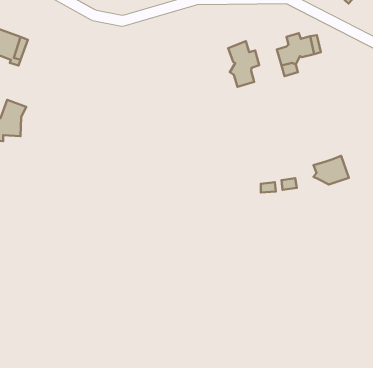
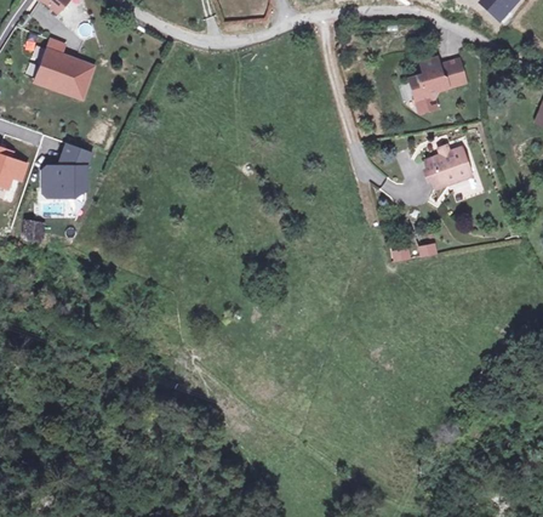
building: [228,41,259,87] -> none
building: [314,156,349,184] -> [425,148,470,184]

